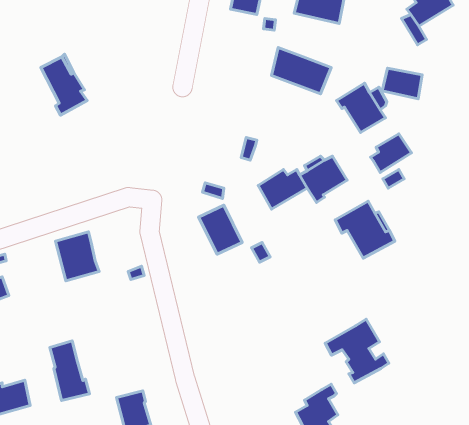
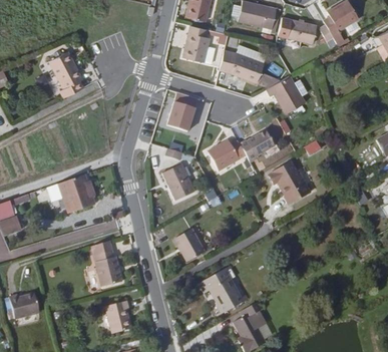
building: none -> [186,26,212,64]
building: [382,68,422,99] -> [286,17,316,40]
building: none -> [167,102,195,131]
building: [371,134,412,172] -> none
building: none -> [176,229,208,262]
building: [325,319,389,383] -> [203,266,251,314]
building: [50,341,90,400] -> [88,245,118,290]

